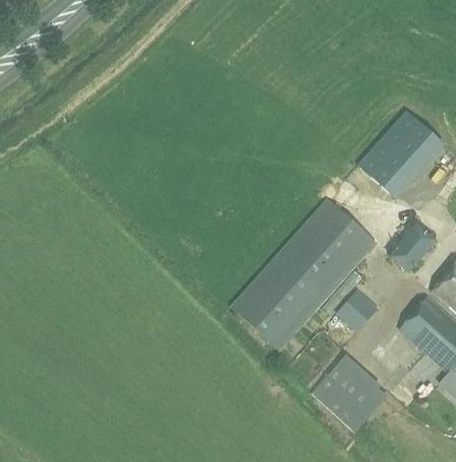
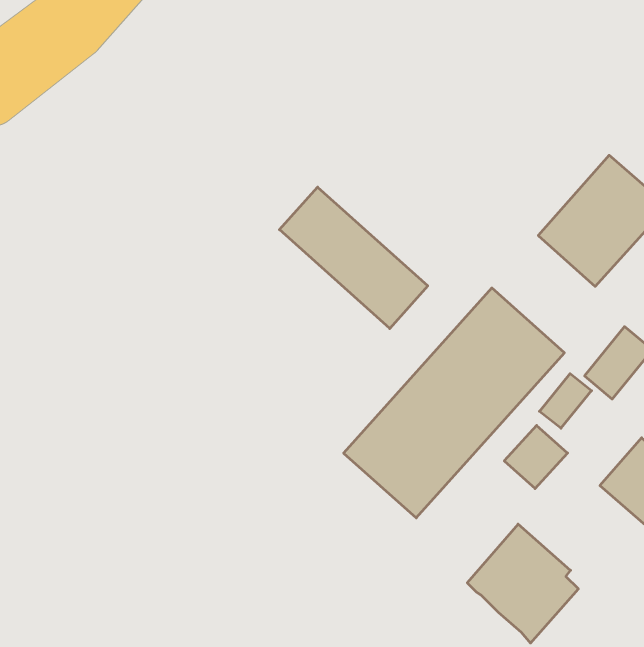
building: none -> [279,187,428,329]
building: none -> [539,374,592,428]

